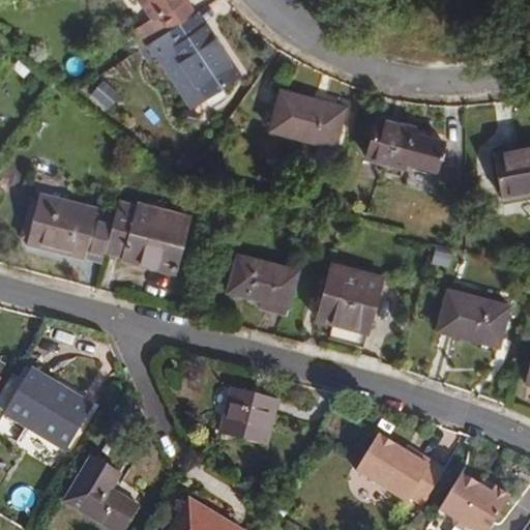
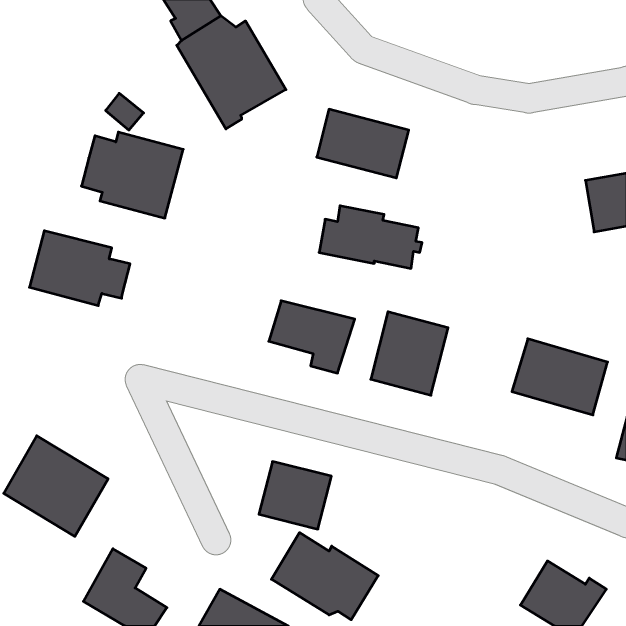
building: [365,119,452,172] -> [319,206,422,268]
building: [105,201,190,273] -> [81,132,183,218]
building: [352,435,442,508] -> [271,533,378,620]

